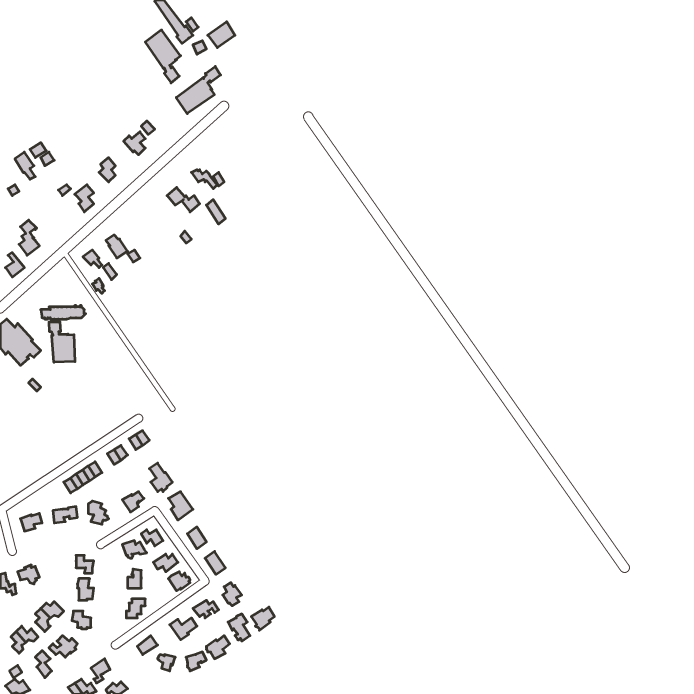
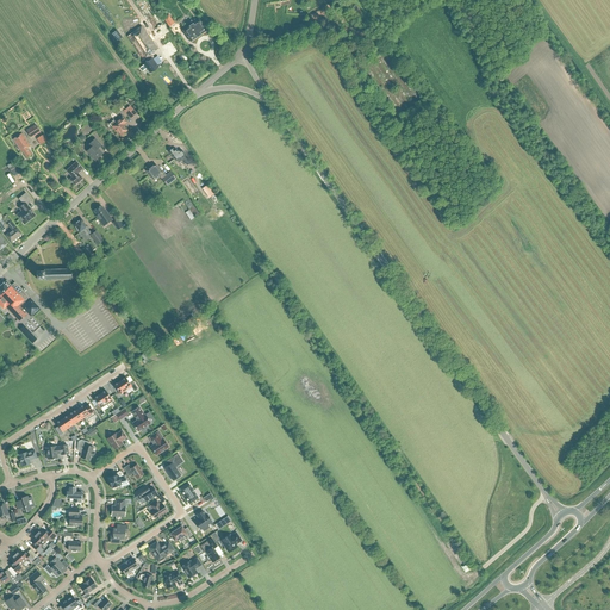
building: [176,66,221,114] -> none
building: [49,322,75,362] -> none

